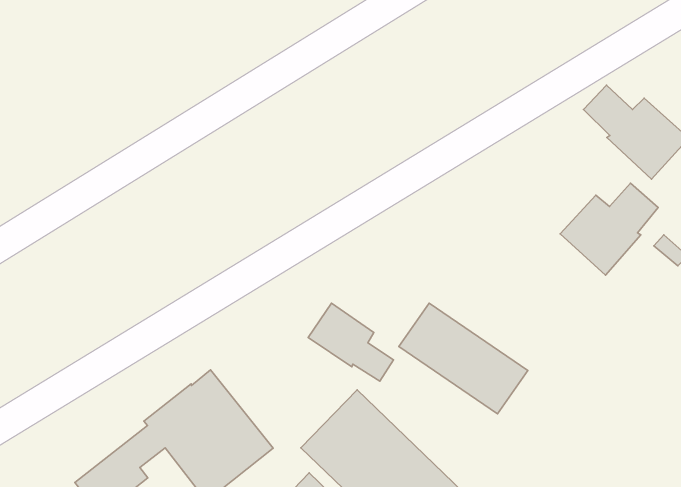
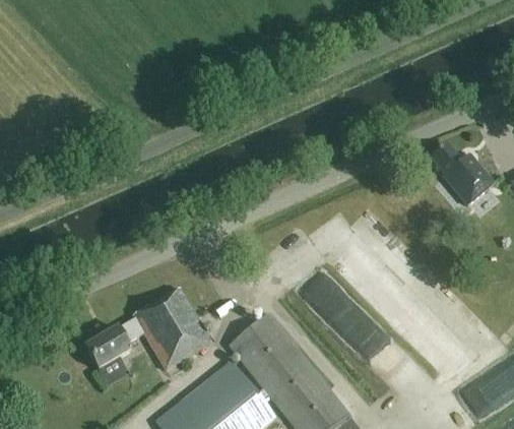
building: [560,183,658,275] -> none
building: [308,303,393,381] -> none

